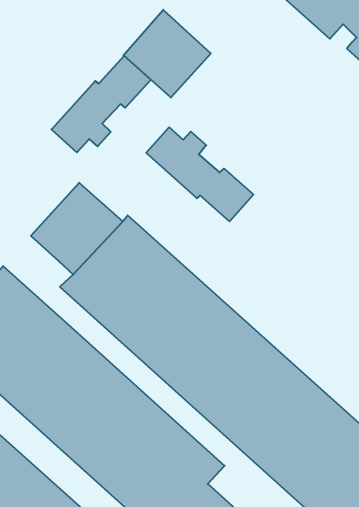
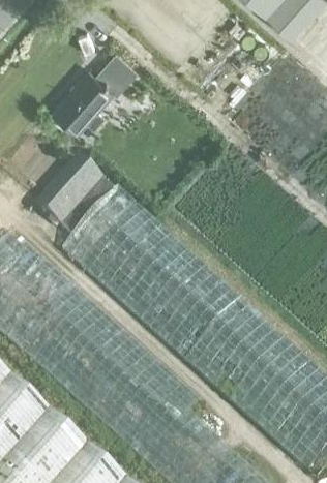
building: [123,10,211,98] -> none
building: [146,127,253,221] -> none

